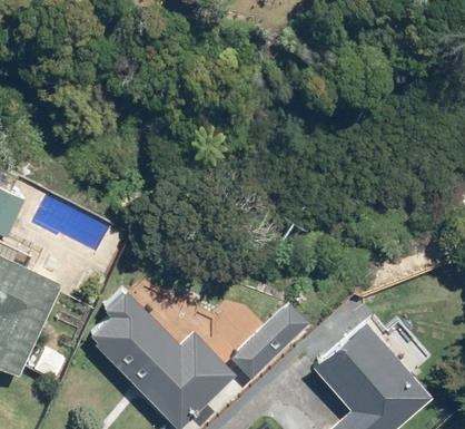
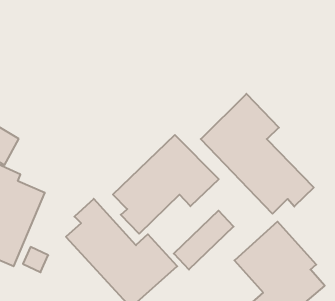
building: none -> [201,94,314,214]
building: none -> [113,135,219,234]

